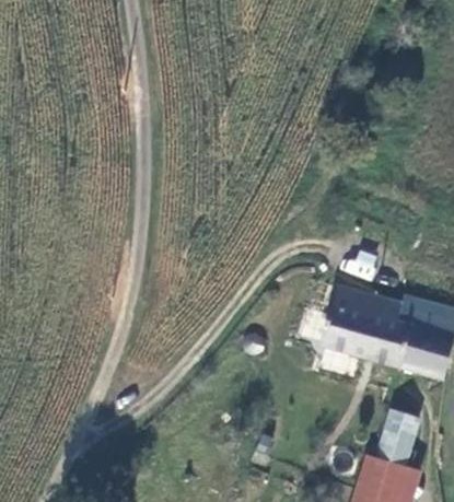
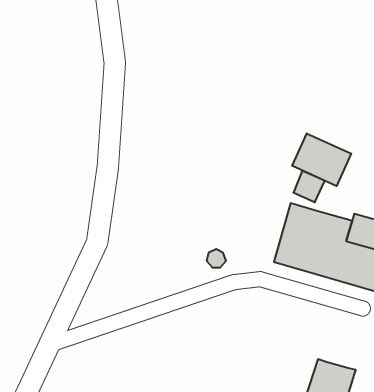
building: none -> [292,133,351,186]
building: [380,412,417,466] -> none

